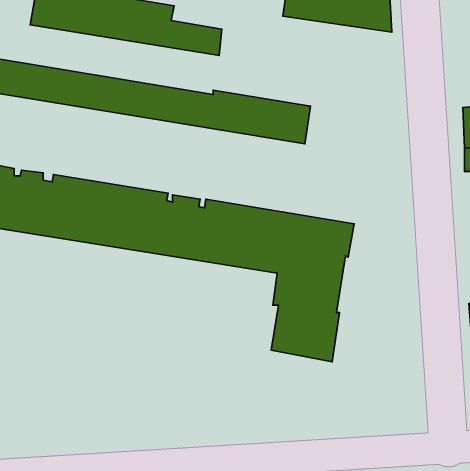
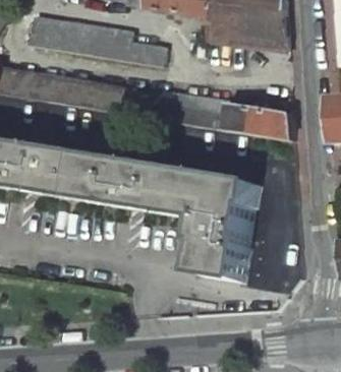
building: none -> [219,104,281,137]

